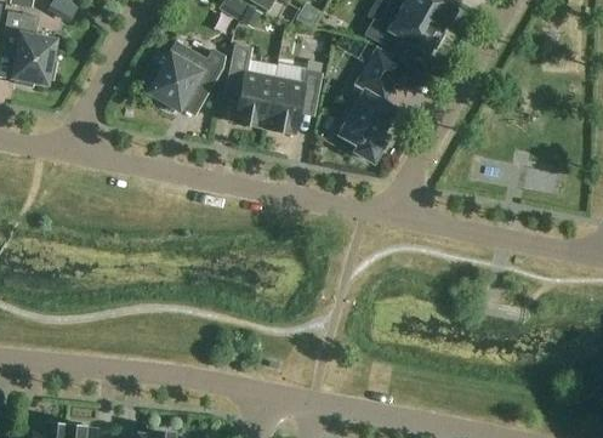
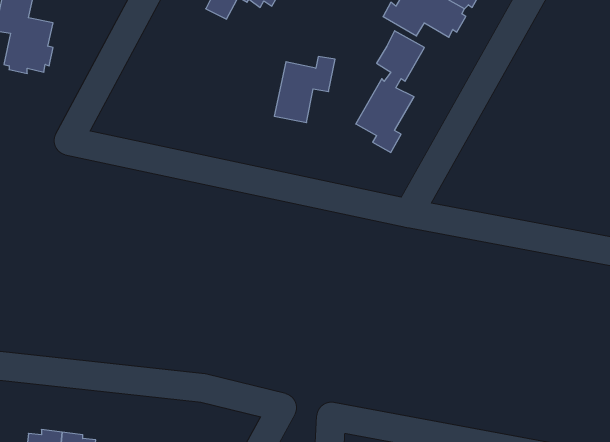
building: [147,41,224,112] -> none
building: [228,44,275,126] -> none

